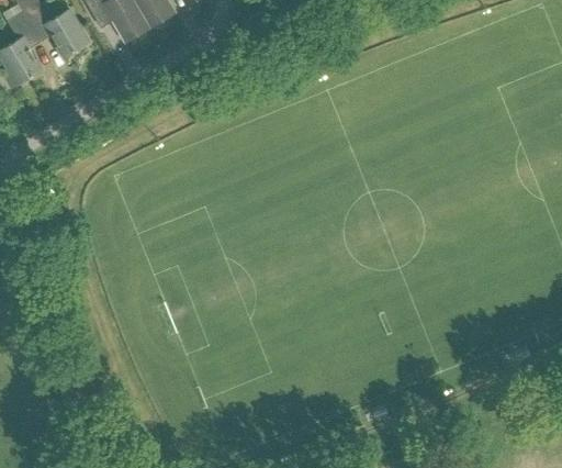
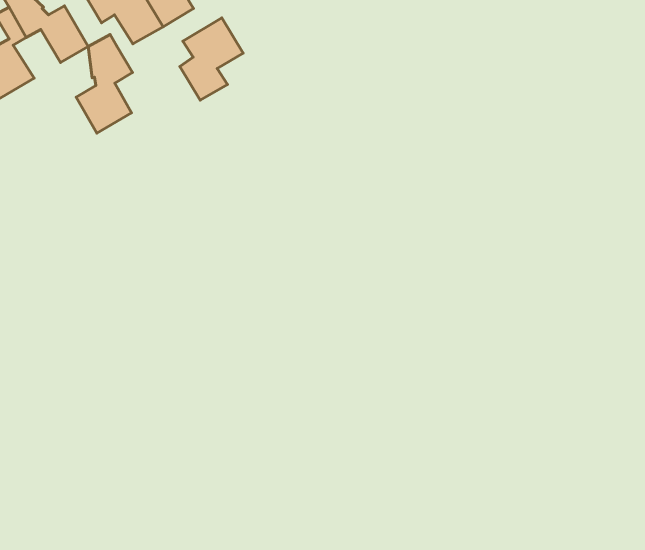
building: none -> [180,18,243,100]
building: none -> [76,34,133,133]

